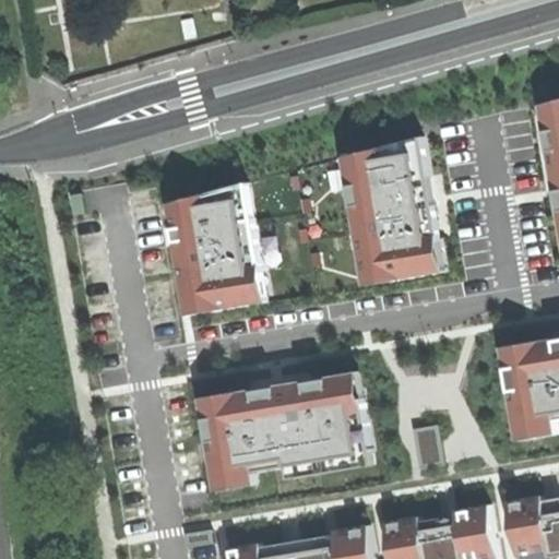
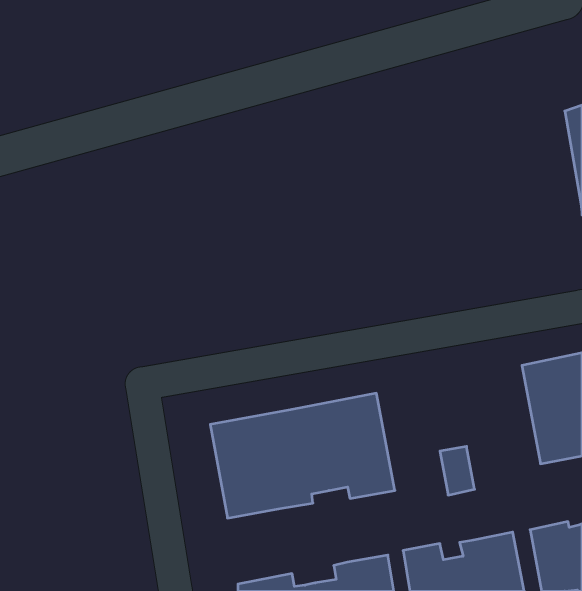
building: [341,141,439,286] -> none
building: [162,187,262,320] -> none

